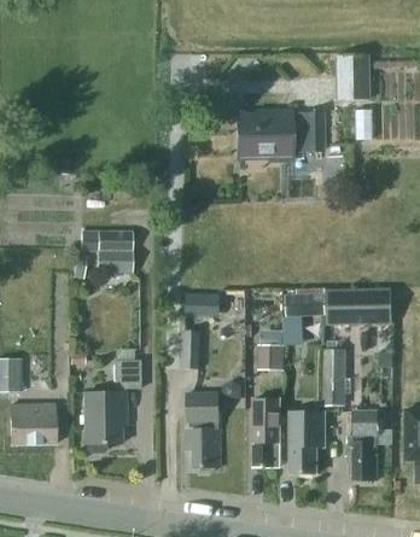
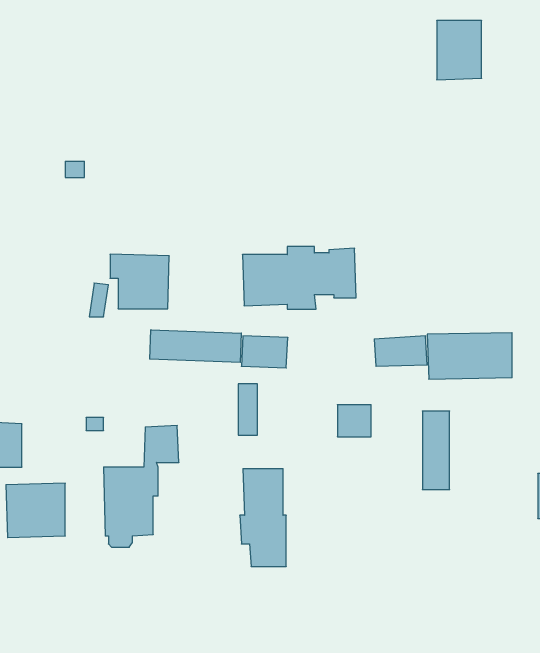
building: [233,111,319,158] -> [242,247,356,309]
building: none -> [150,330,241,362]
building: [253,397,279,466] -> none
building: [348,409,378,479] -> none
building: [290,410,325,472] -> none

